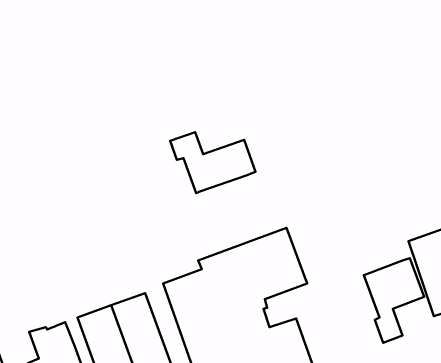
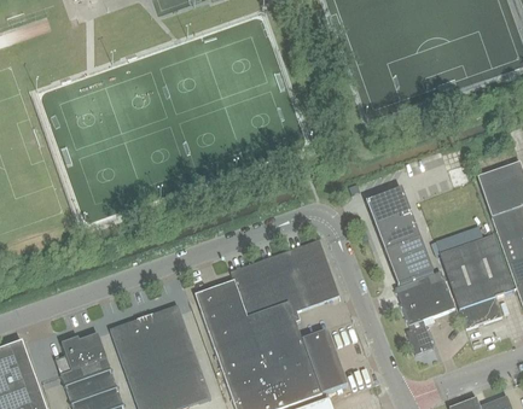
building: [170,132,255,193] -> none
building: none -> [367,186,434,285]

